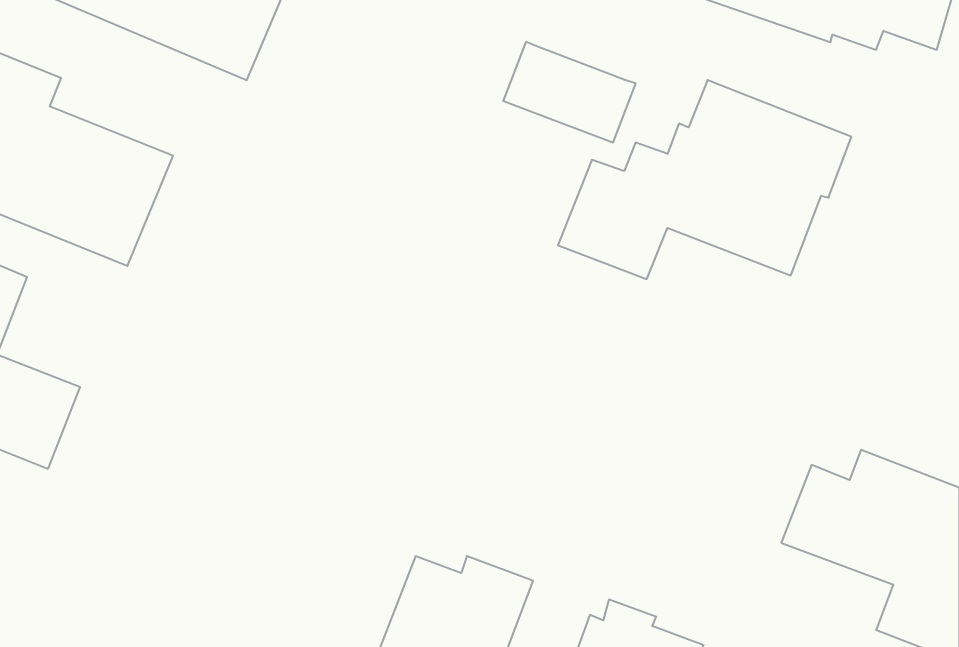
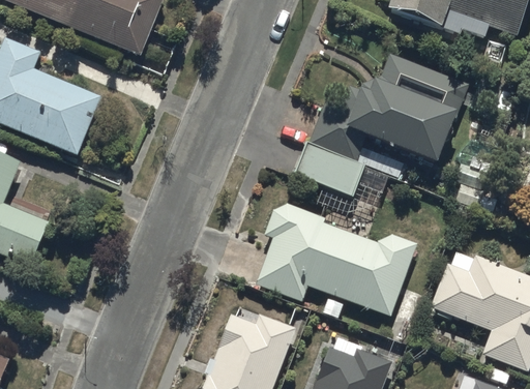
building: [503,42,636,142] -> [292,142,364,197]
building: none -> [258,203,418,317]

